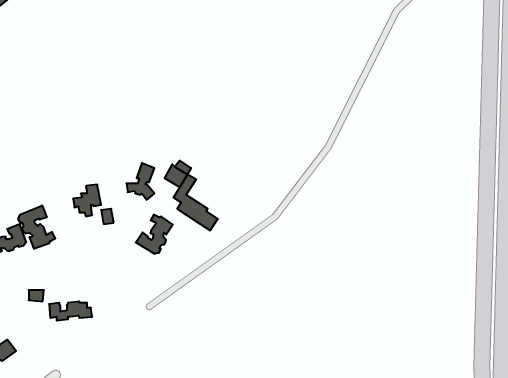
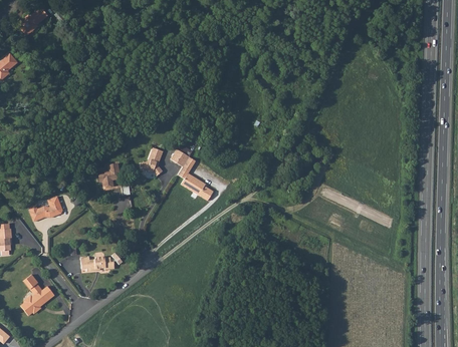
building: [18,205,55,249] -> none
building: [136,214,173,254] -> none

